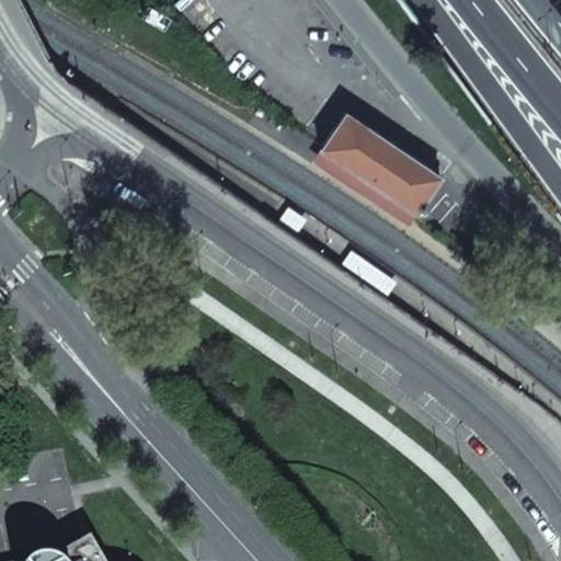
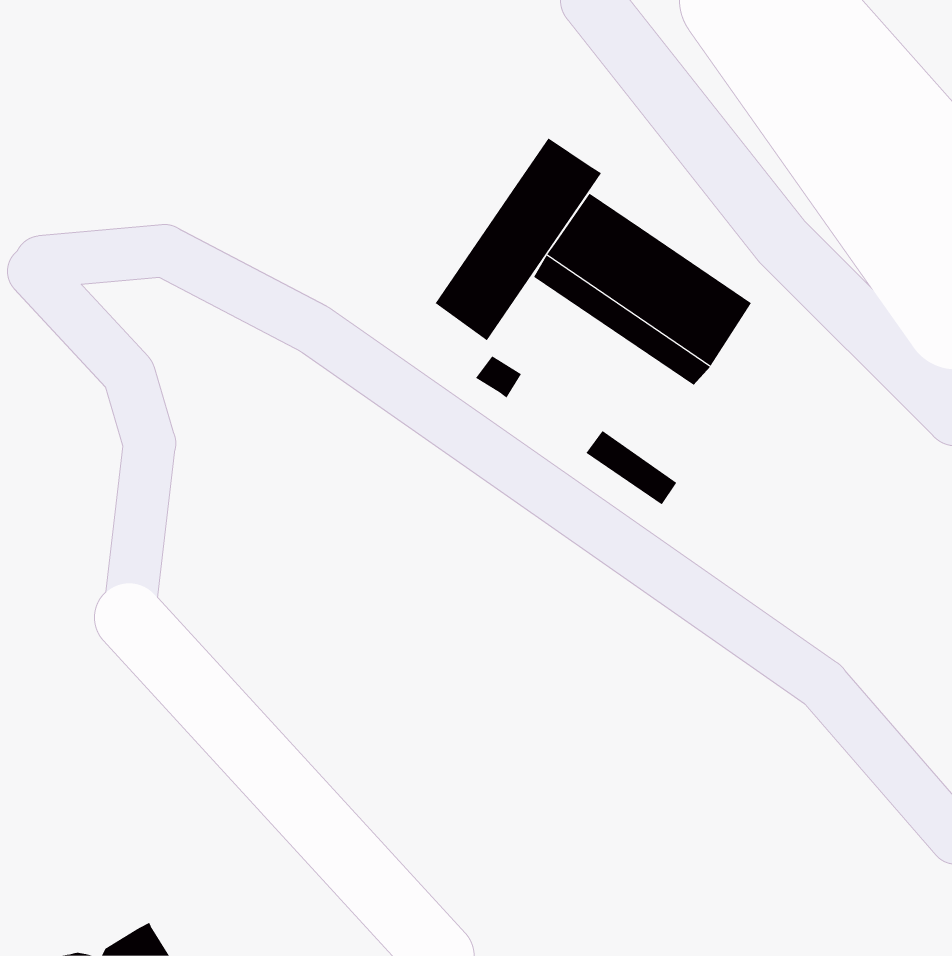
building: none -> [435,137,602,341]

